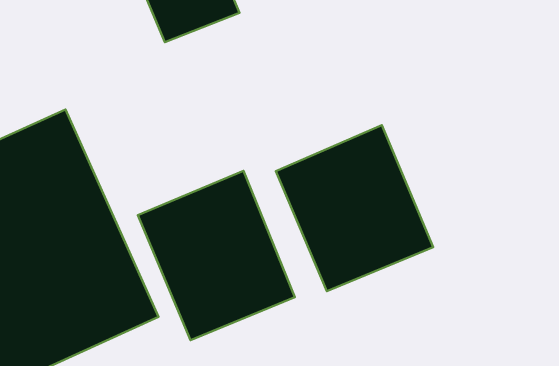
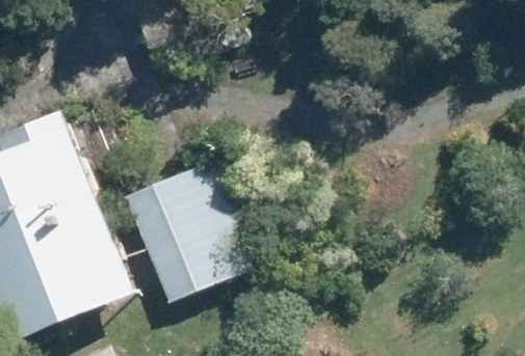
building: [276,125,433,291] -> none

